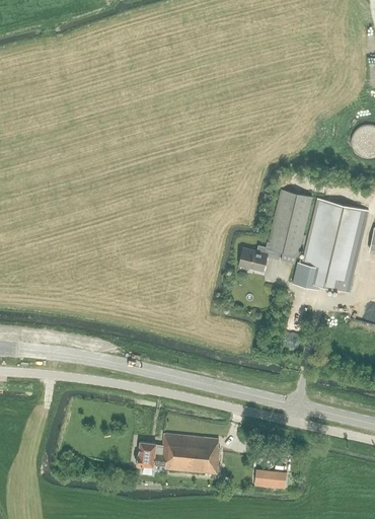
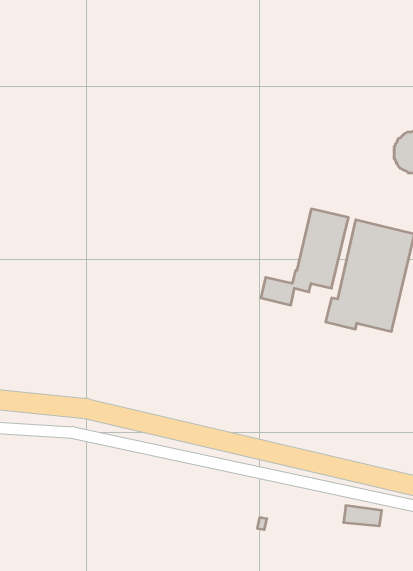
building: [135,434,220,473] -> none
building: [254,469,287,487] -> [343,506,382,526]

